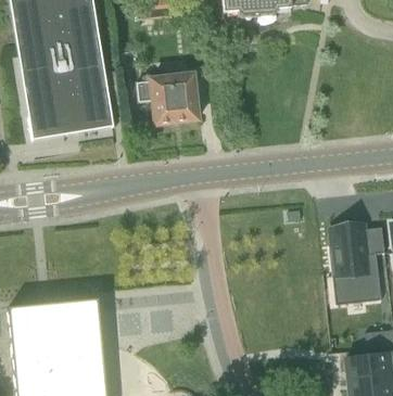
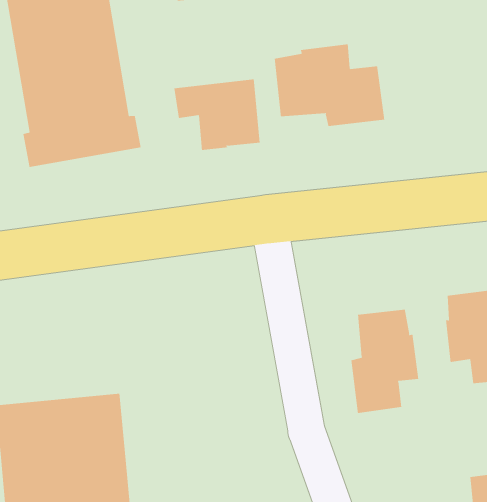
building: none -> [274,43,385,127]
building: none -> [351,309,419,414]

